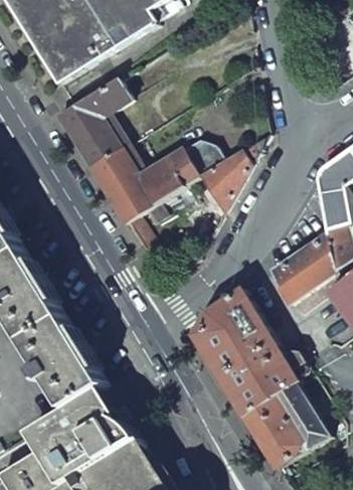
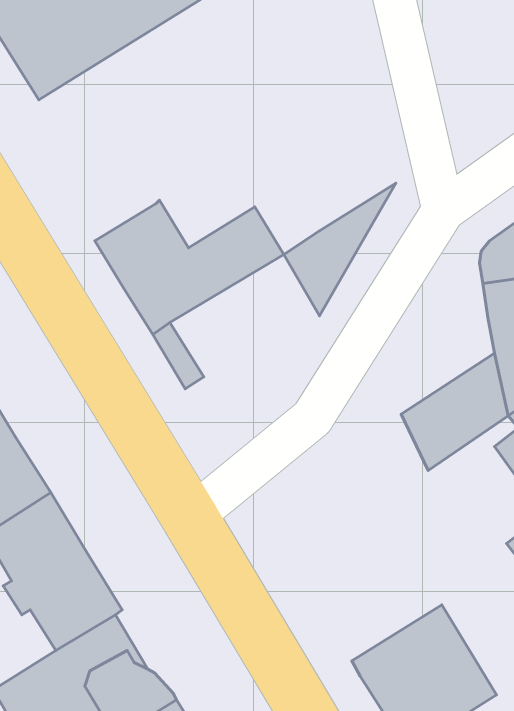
building: [57,79,131,167] -> none
building: [184,139,222,175] -> none
building: [192,289,306,416] -> none

